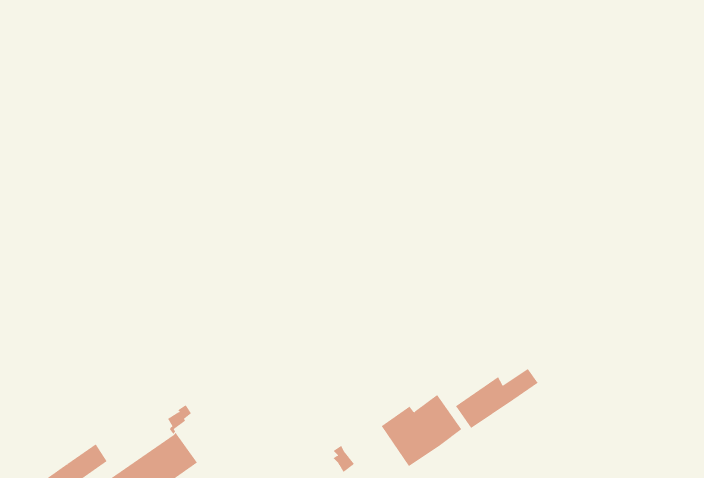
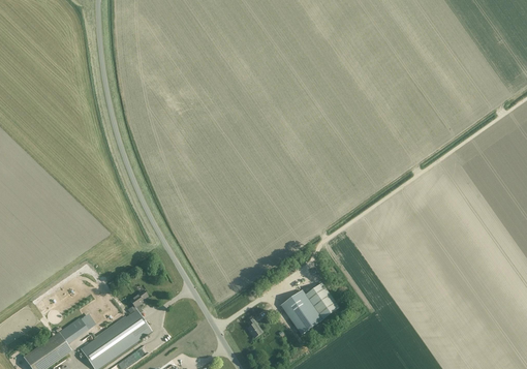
building: [455,368,539,429] -> none

